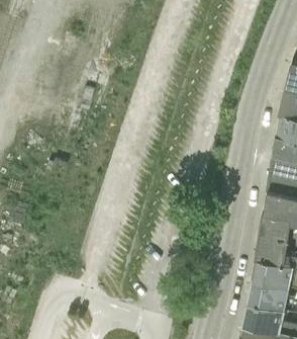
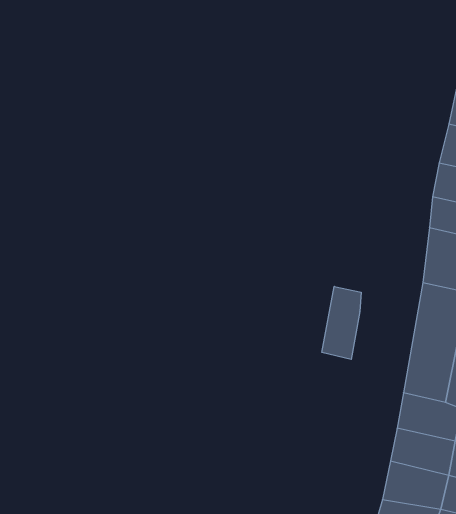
building: none -> [322,286,361,359]

